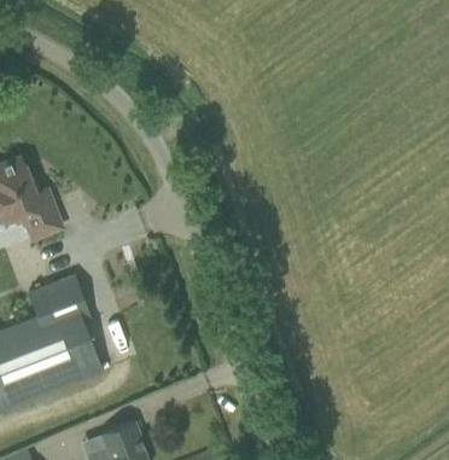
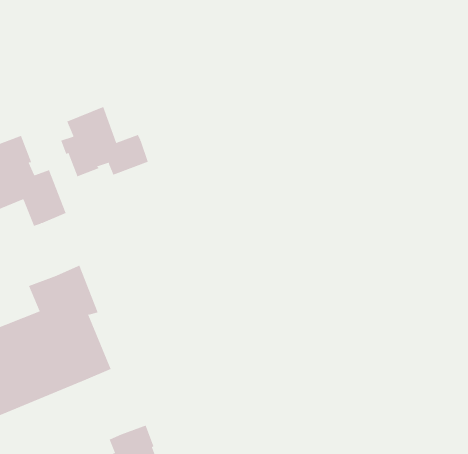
building: none -> [60,106,149,177]

